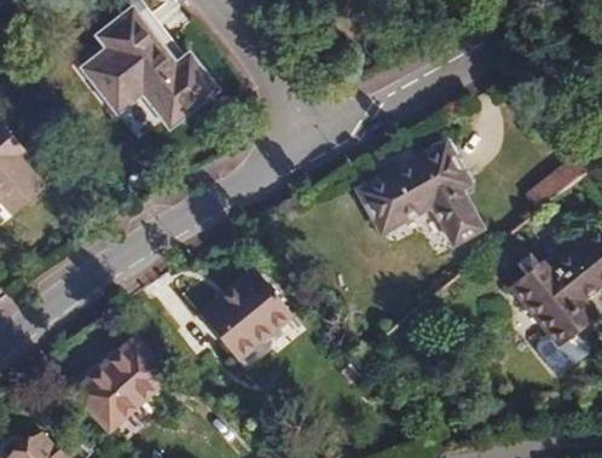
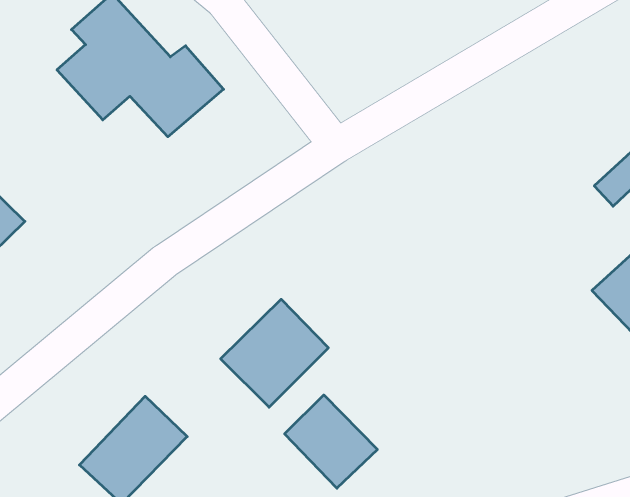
building: [353,139,479,244] -> none
building: none -> [285,395,377,488]

